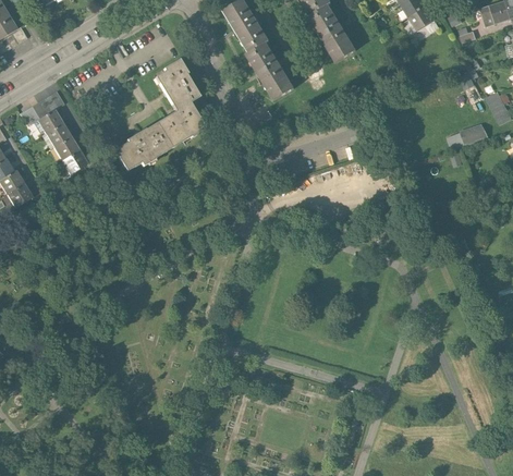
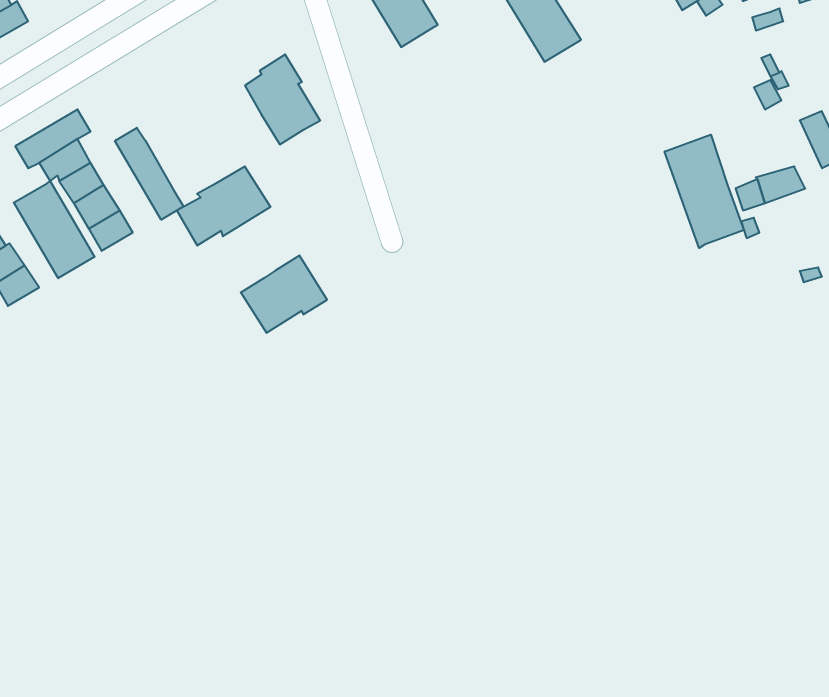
building: [246,40,296,101] -> none
building: none -> [115,128,183,220]
building: [156,101,207,147] -> [241,256,327,333]
building: none -> [665,135,744,248]
building: none -> [14,181,95,278]

